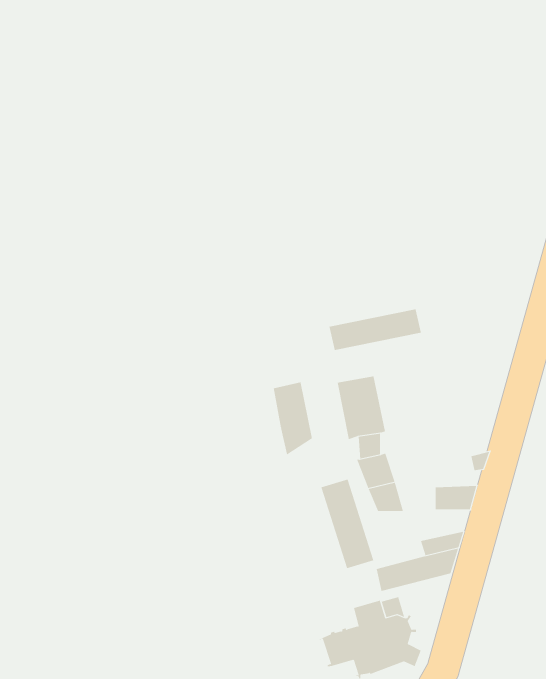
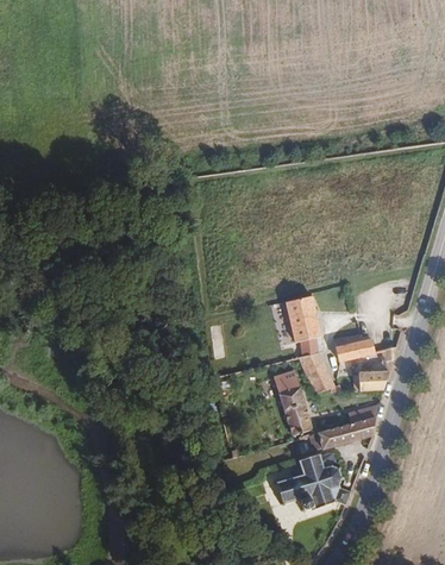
building: [329,309,422,351] -> none
building: [273,382,312,456] -> none
building: none -> [336,332,374,360]

